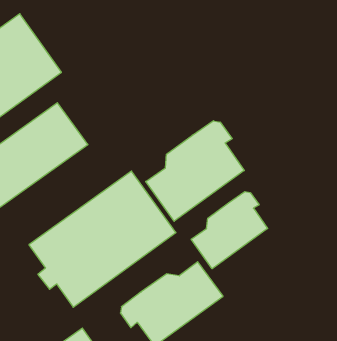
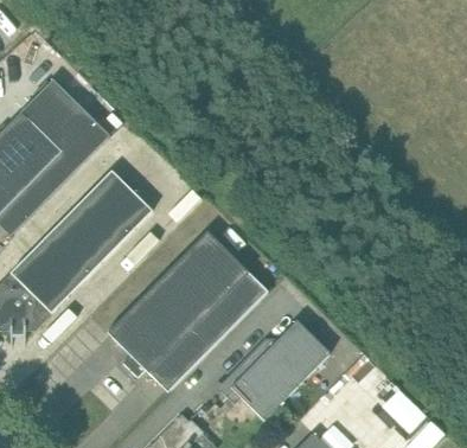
building: [146,121,244,221] -> none
building: [191,192,268,269] -> none

